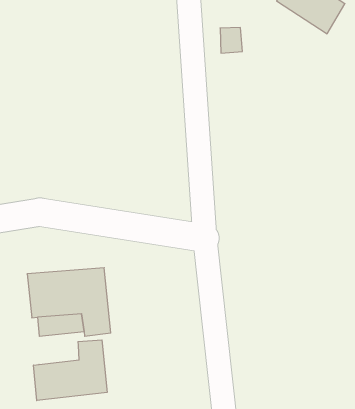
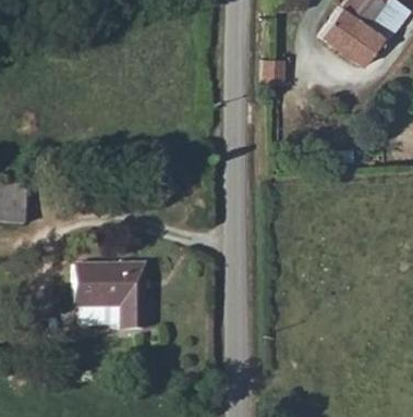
building: [34,340,107,401] -> none

